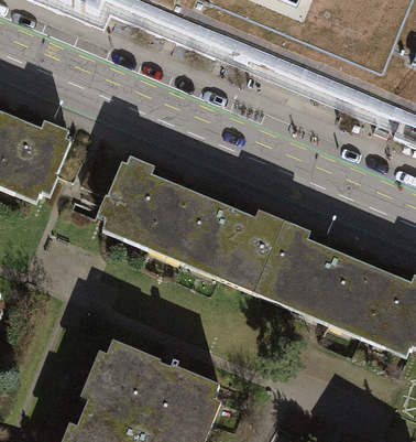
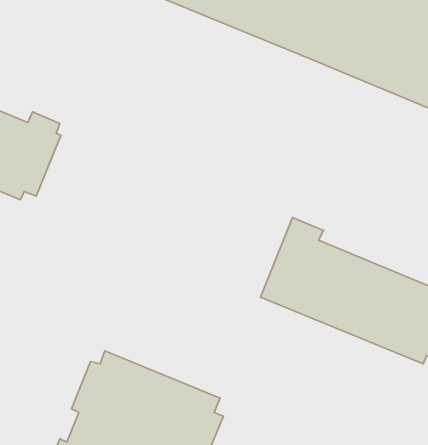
building: [98,154,285,292] -> none

